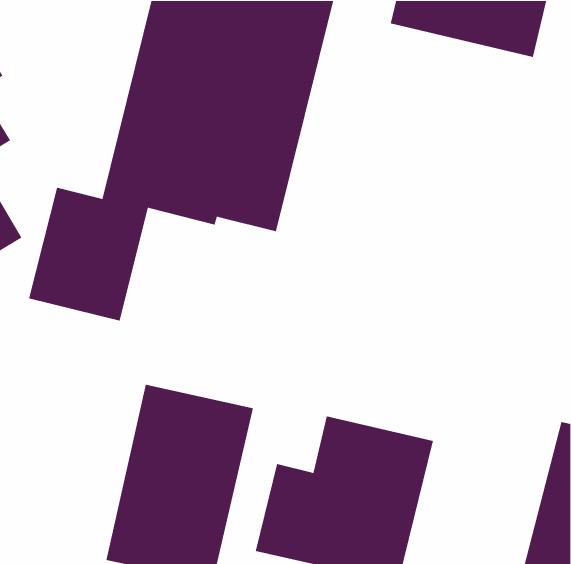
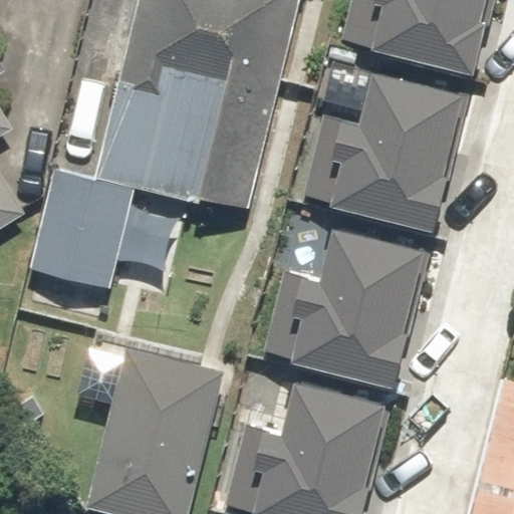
building: none -> [297,69,456,220]
building: none -> [271,226,430,376]

